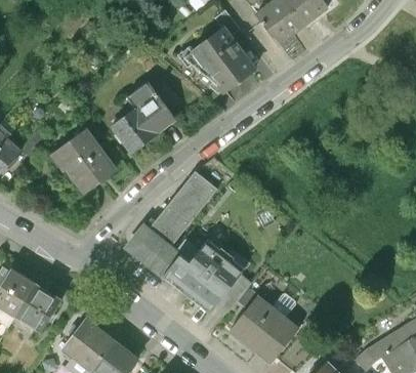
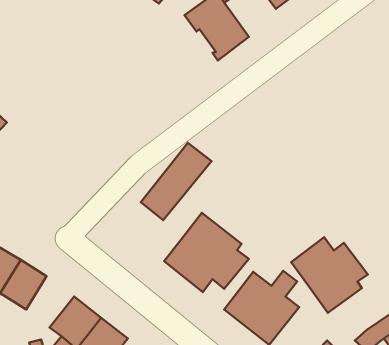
building: [112,83,174,153] -> none
building: [51,129,115,193] -> none
building: [124,222,190,284] -> none
building: none -> [291,237,368,313]

